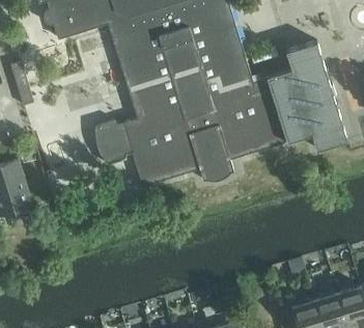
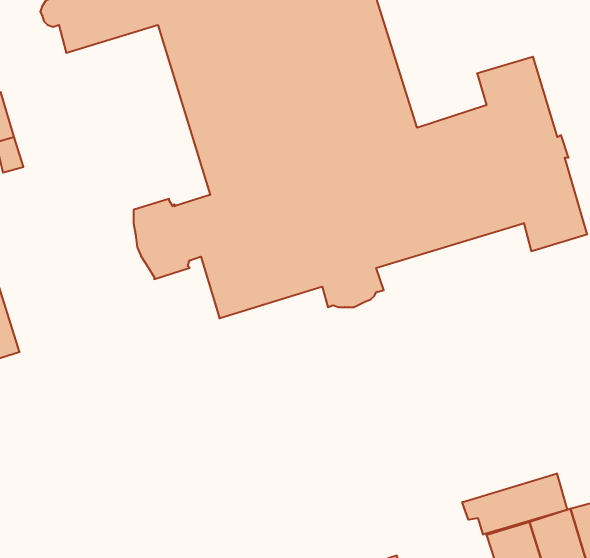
building: none -> [462,473,567,535]

